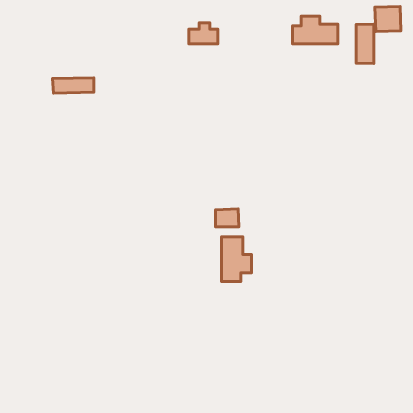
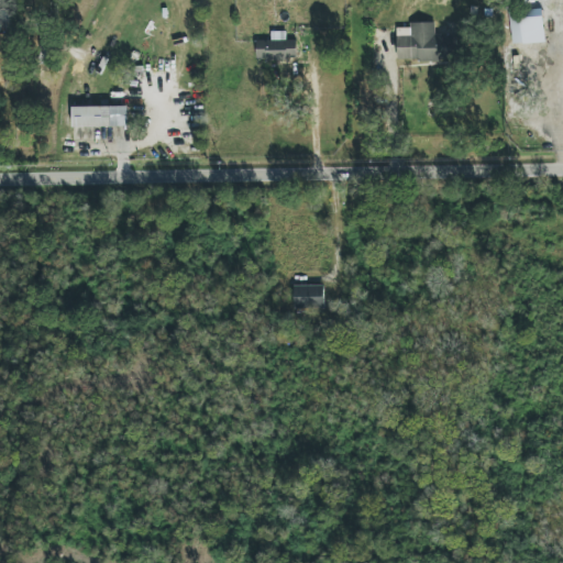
building: [356,24,374,64] -> none
building: [221,237,252,282] -> none

